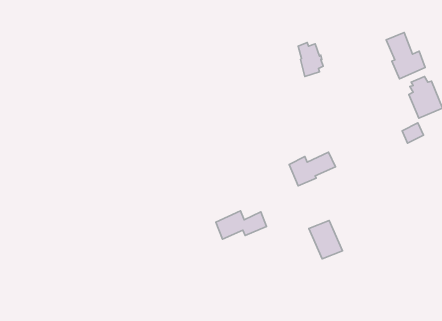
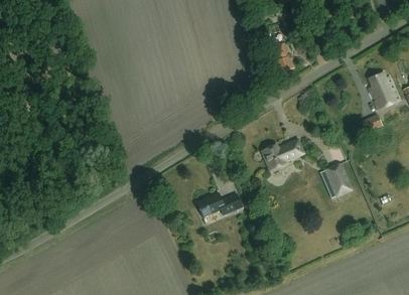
building: [386,32,425,79] -> none
building: [309,220,343,259] -> [323,163,354,197]

